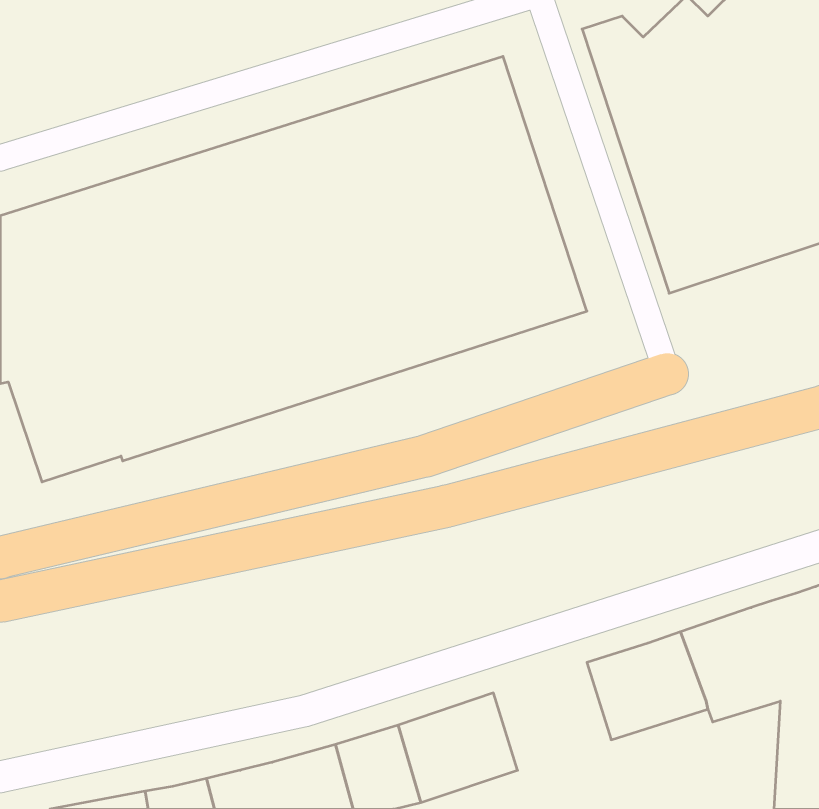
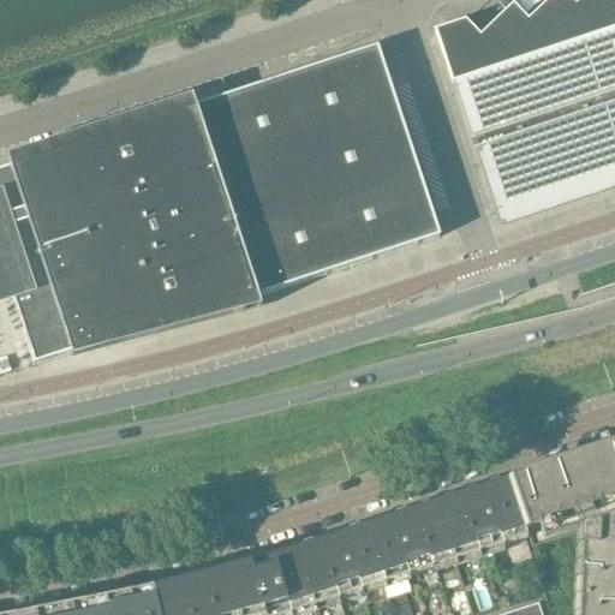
building: none -> [371,494,459,574]

